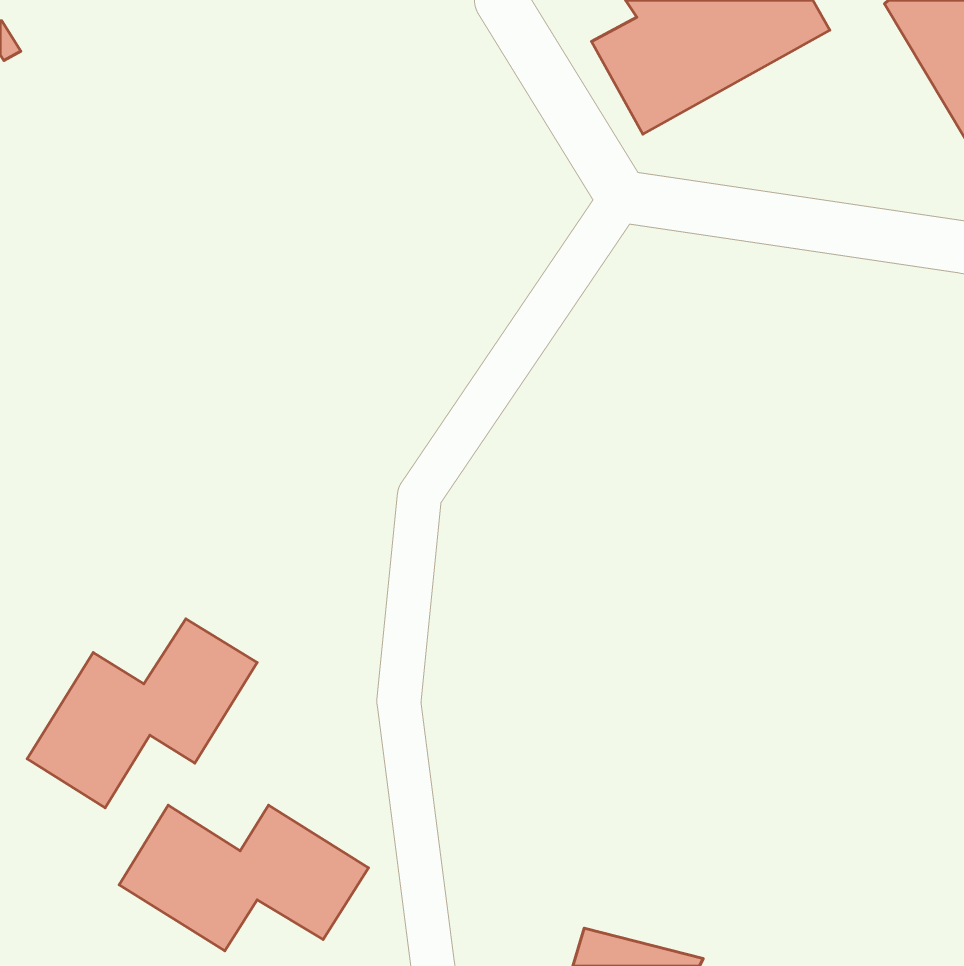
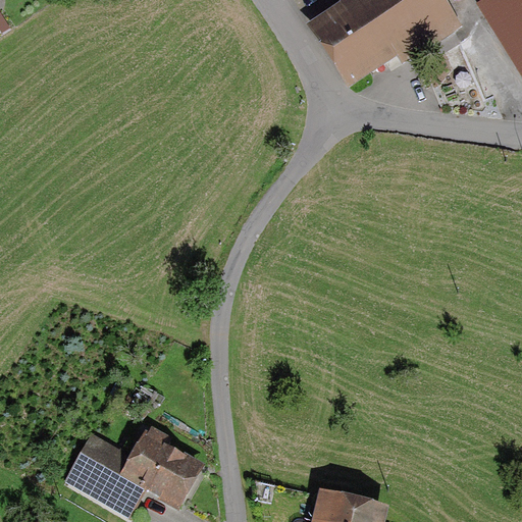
building: [27,619,257,808] -> none

